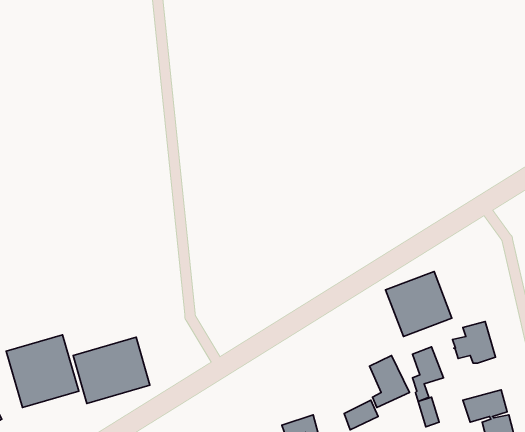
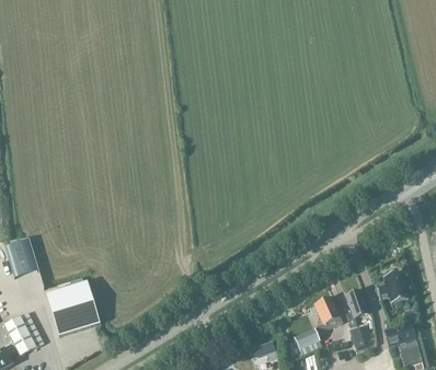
building: [386,271,452,337] -> none
building: [73,337,150,403] -> none

